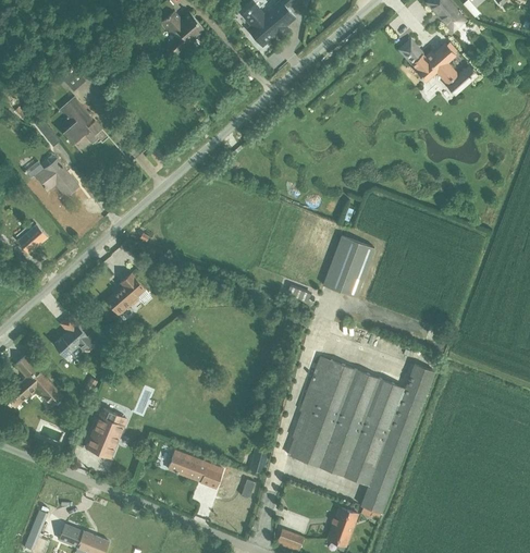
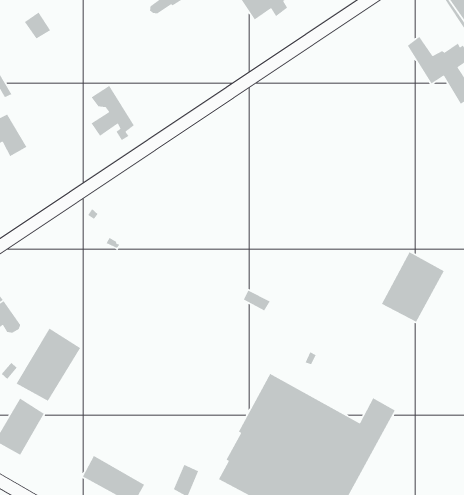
building: [59,96,101,144] -> [90,85,135,141]
building: [322,235,374,297] -> [381,251,445,323]
building: [104,272,151,316] -> none
building: none -> [16,327,81,402]

